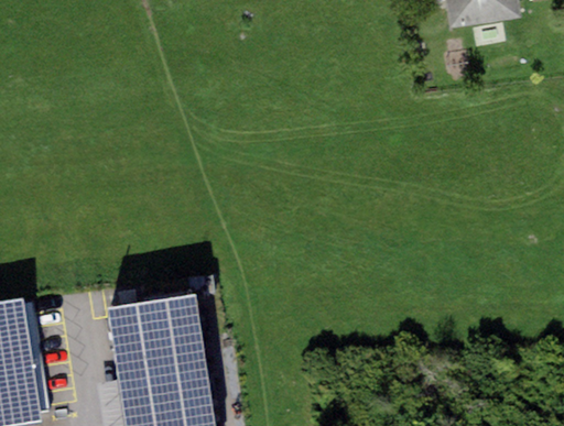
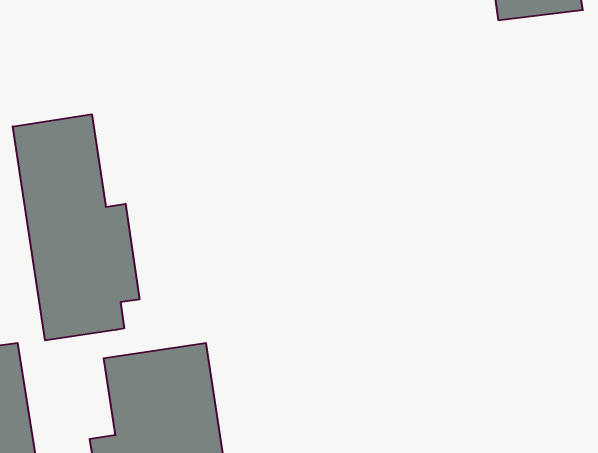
building: none -> [13,114,139,340]

